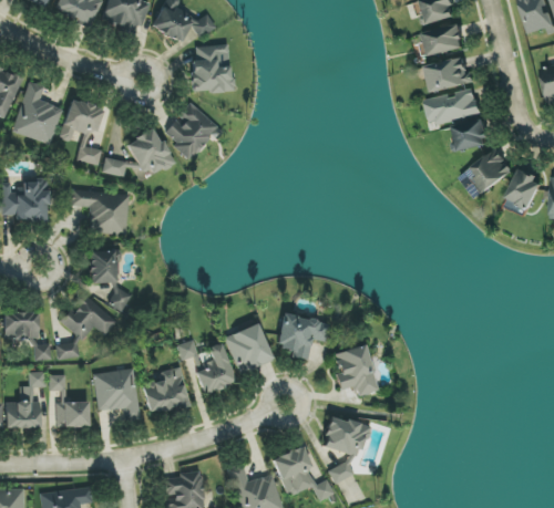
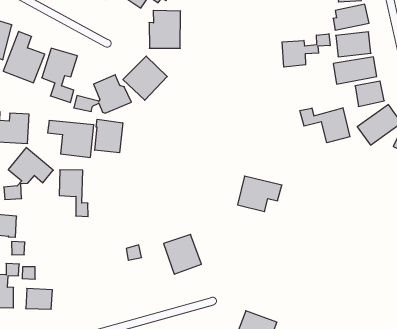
building: none -> [282,34,330,67]
building: none -> [300,108,350,143]
building: none -> [95,119,123,153]
building: [55,293,116,360] -> [4,148,53,199]
building: [274,313,328,356] -> [238,176,282,212]
building: [195,342,235,394] -> none
building: [335,345,378,396] -> none
building: [142,366,189,414] -> none
building: [94,370,138,421] -> none

